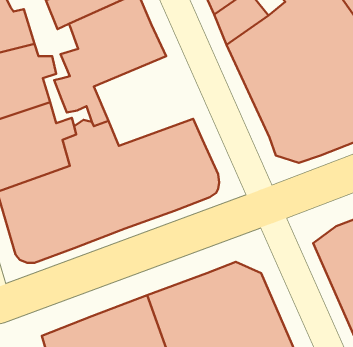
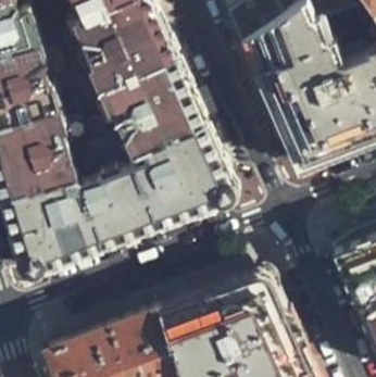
building: none -> [103,61,206,154]

